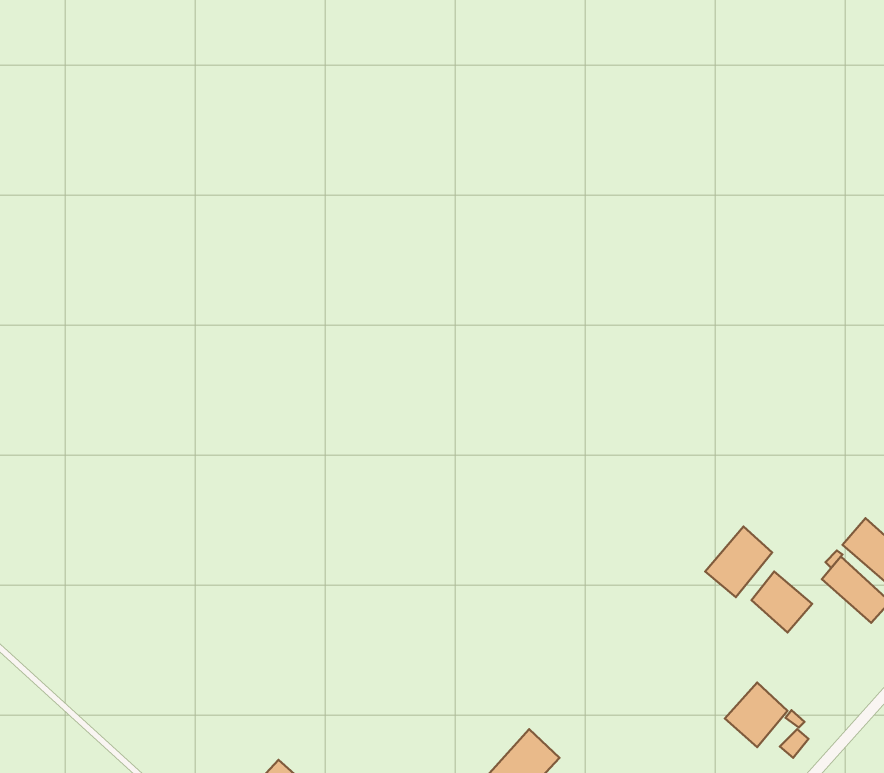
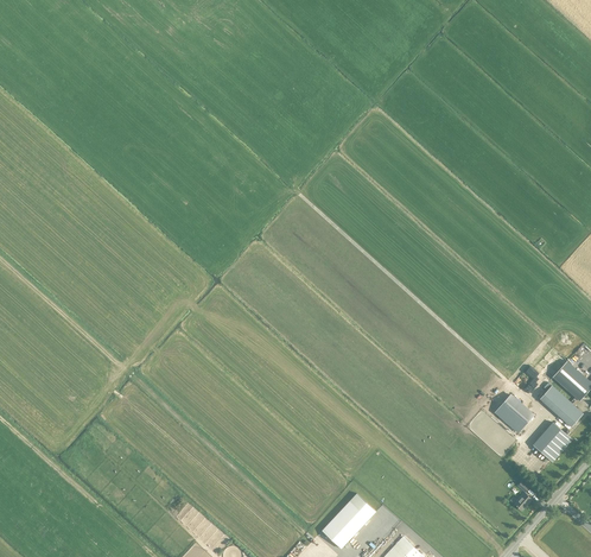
building: [705,527,772,597] -> none
building: [725,682,788,747] -> [532,422,571,462]

